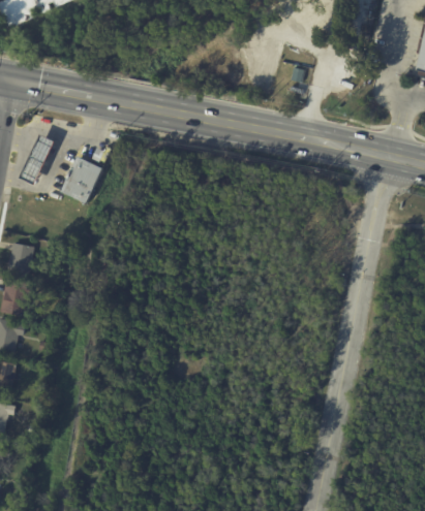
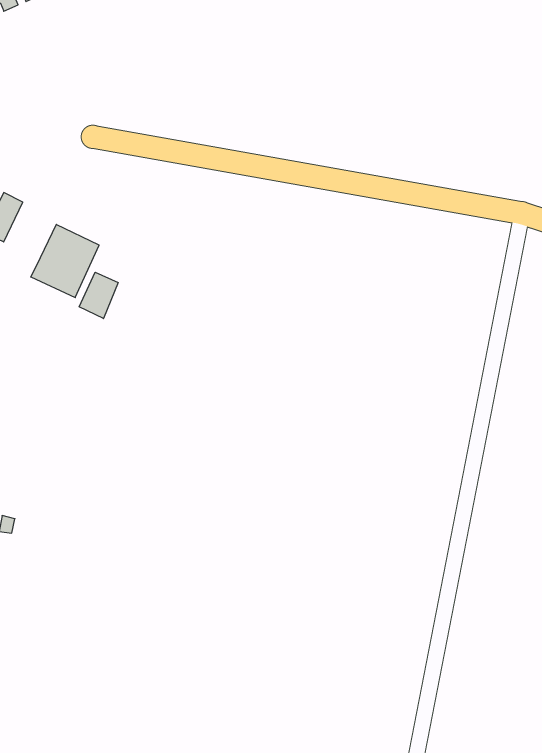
building: none -> [79,272,118,319]

